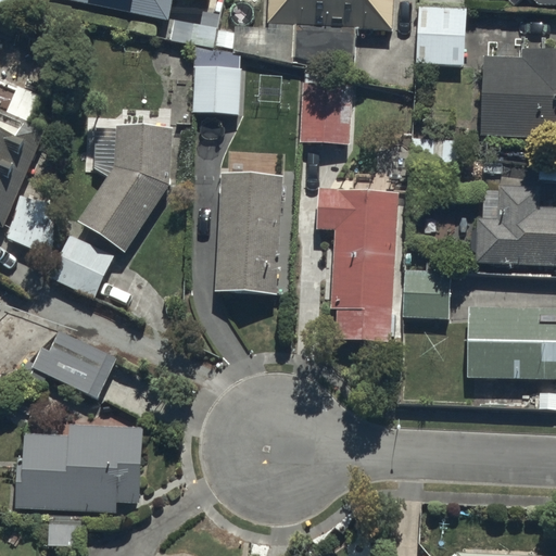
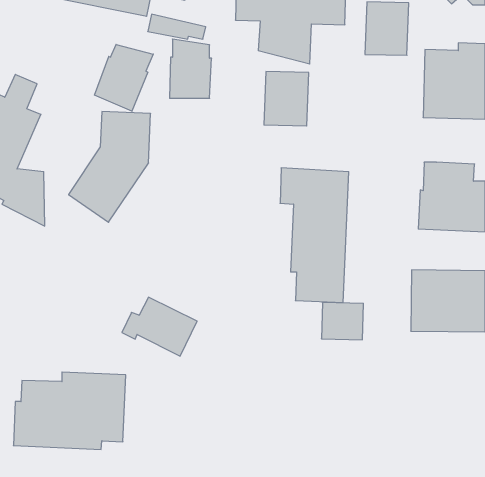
building: none -> [94,44,153,111]
building: [216,176,282,294] -> none
building: [49,232,114,295] -> none
building: [402,273,450,315] -> [321,303,363,340]
building: [29,330,115,397] -> [122,297,197,356]

